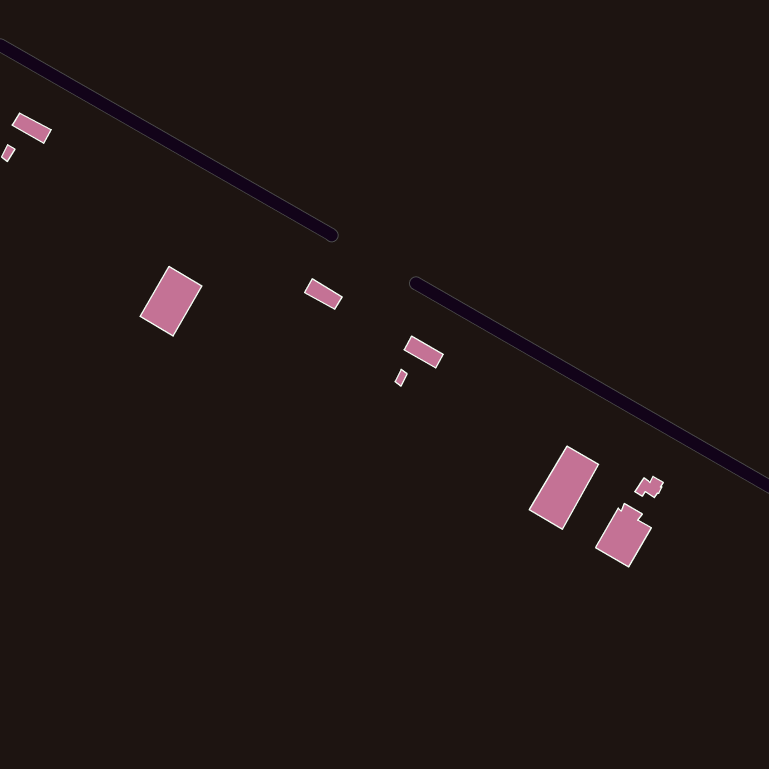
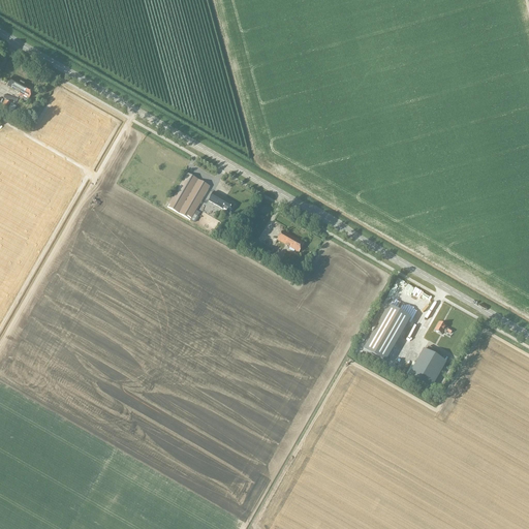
building: [140,267,202,336] -> [168,173,211,220]

